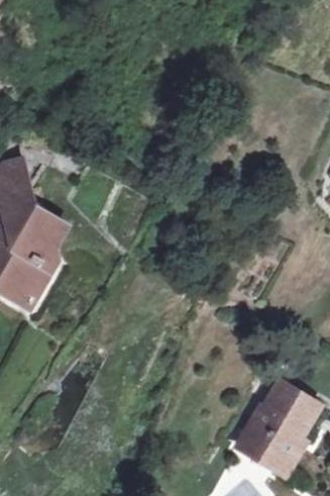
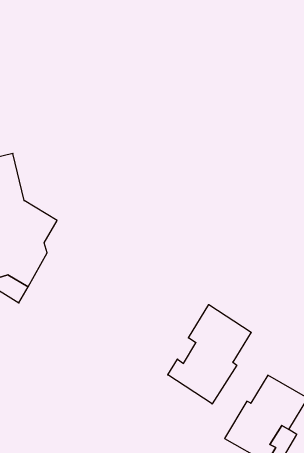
building: none -> [168,305,251,404]

